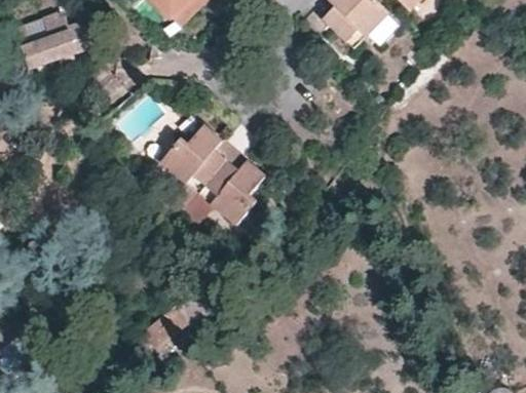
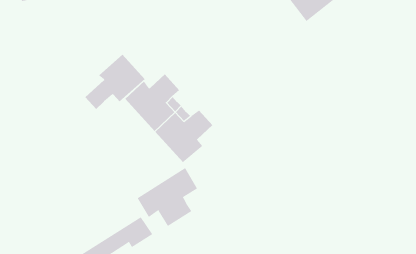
building: none -> [85,54,146,110]
building: none -> [137,167,198,227]

